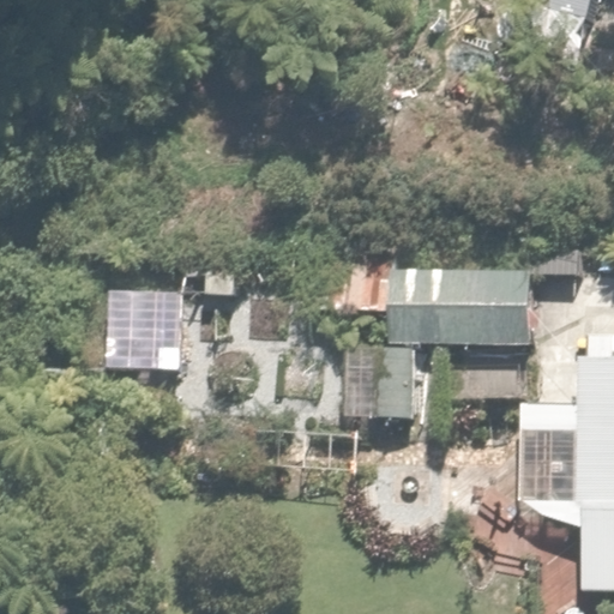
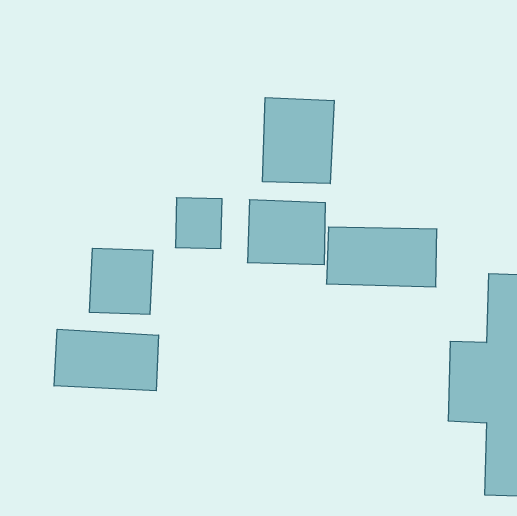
building: none -> [263,98,334,184]
building: none -> [54,329,159,391]

